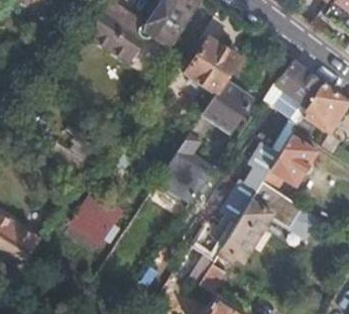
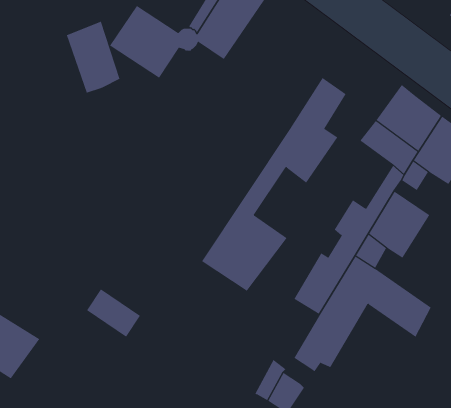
building: none -> [66,21,120,94]
building: [184,36,238,93] -> none

